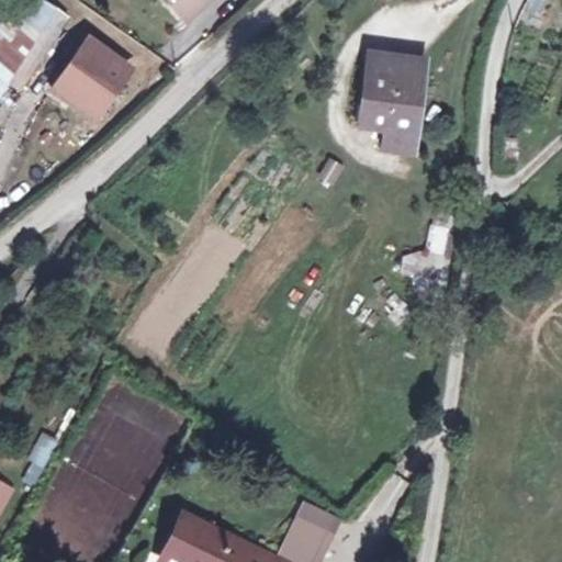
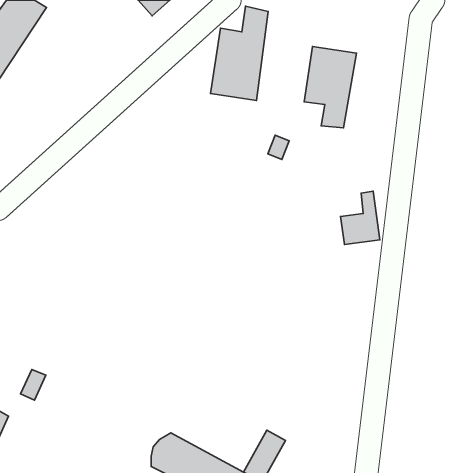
building: none -> [211,6,268,101]
building: [54,41,122,111] -> none

